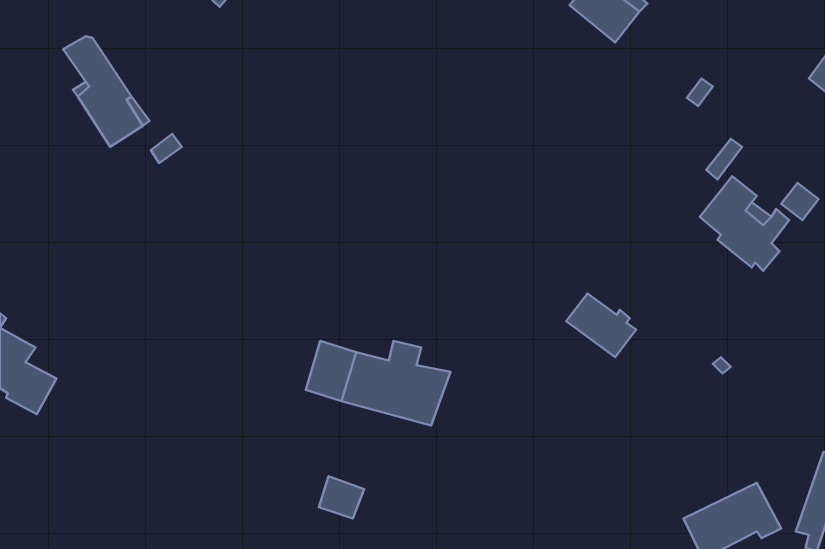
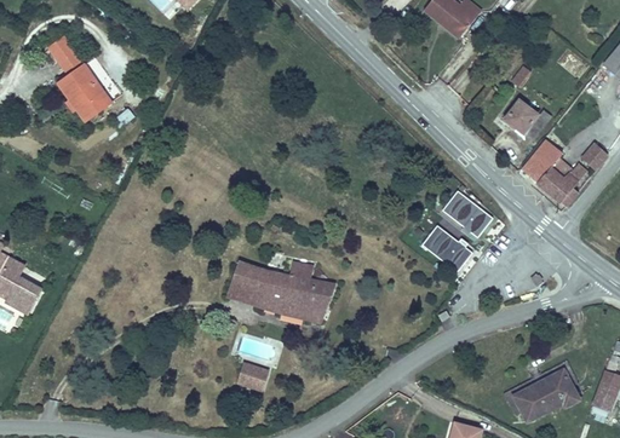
building: none -> [503,98,540,136]
building: none -> [443,190,494,237]

